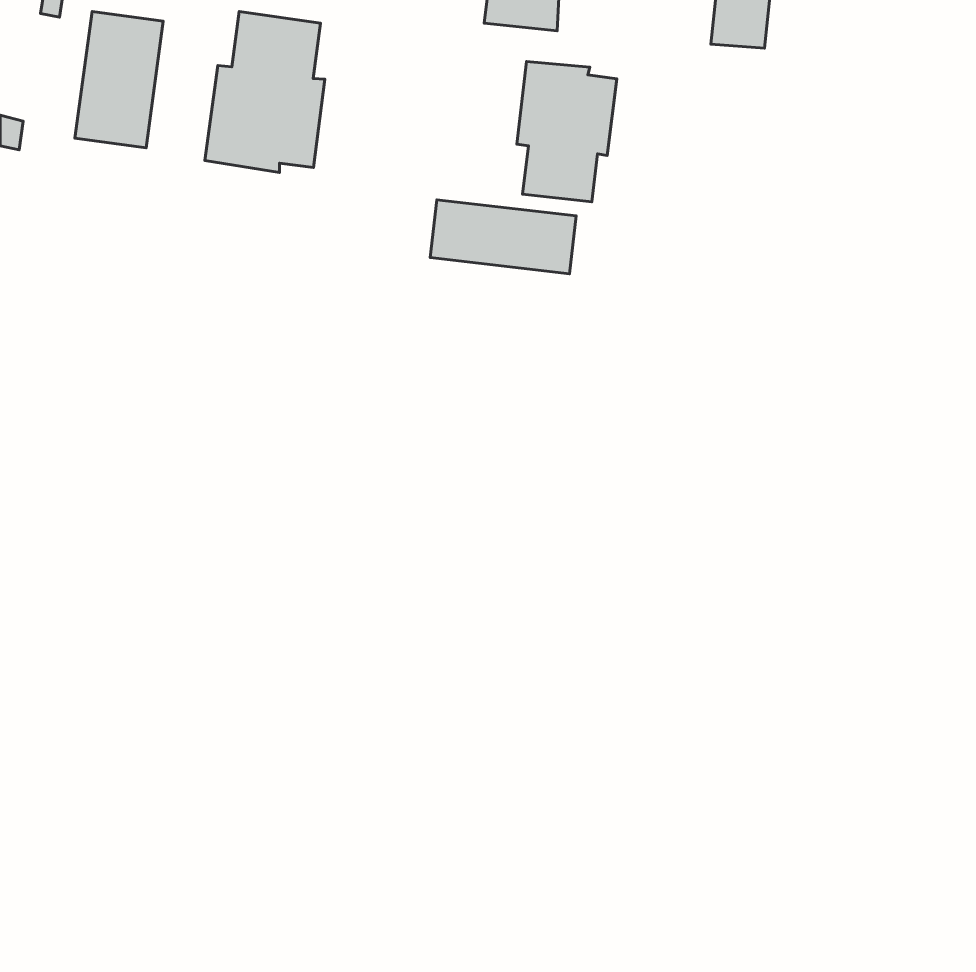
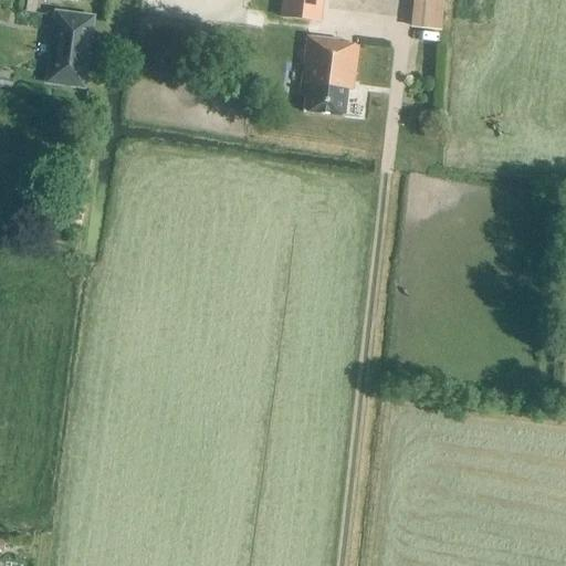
building: [205,12,325,172] -> none
building: [430,200,576,274] -> none

